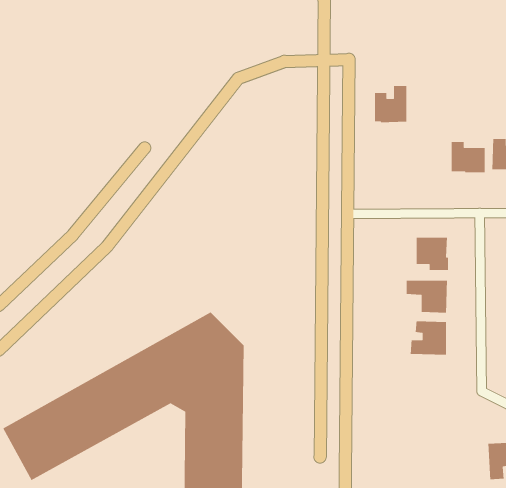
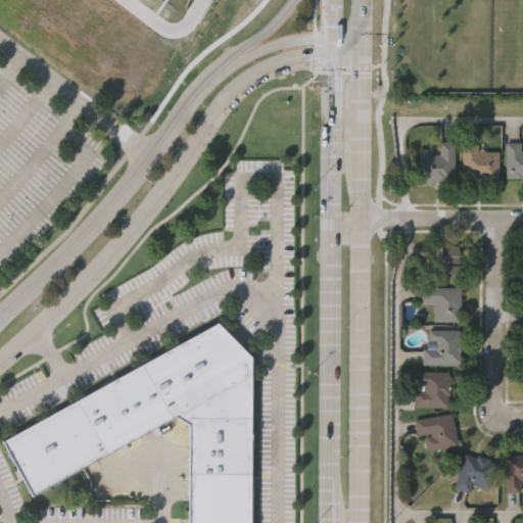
building: [374,85,407,123] -> [421,143,455,182]
building: none -> [414,373,450,410]
building: none -> [414,414,458,453]
building: none -> [455,455,497,494]

